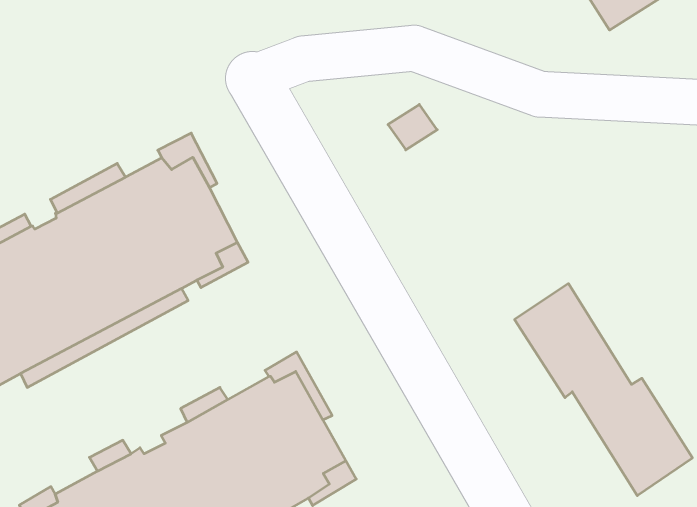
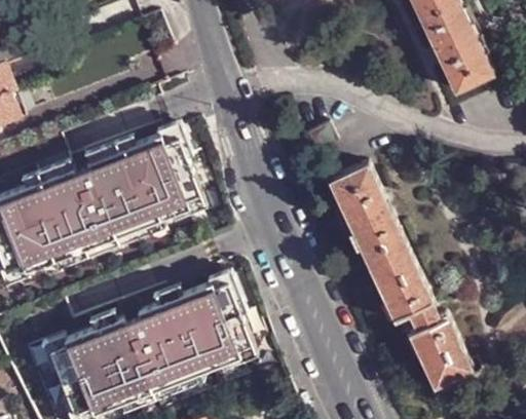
building: none -> [328,163,406,267]

